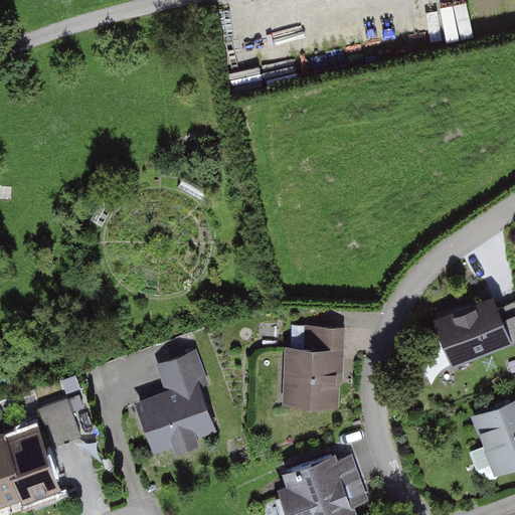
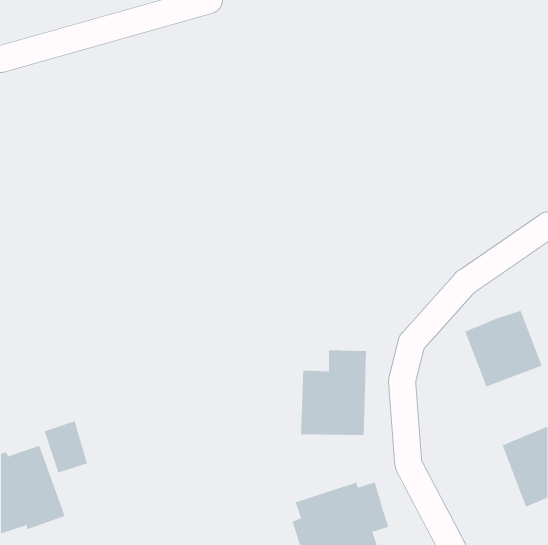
building: [138,353,213,453] -> none

